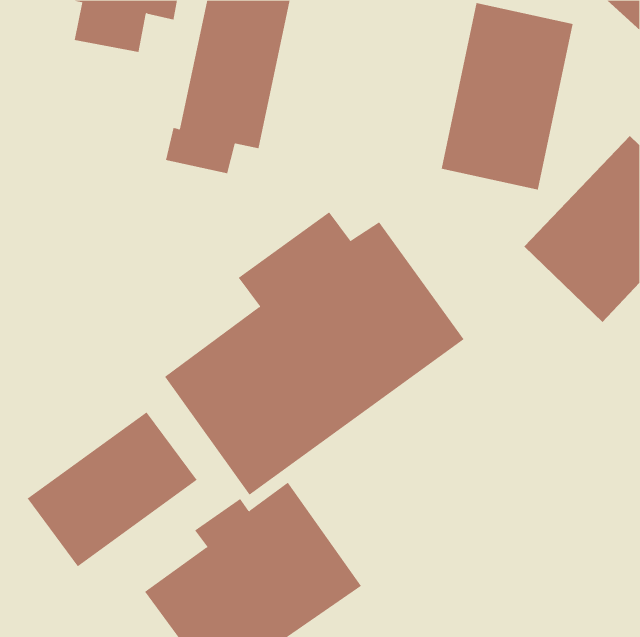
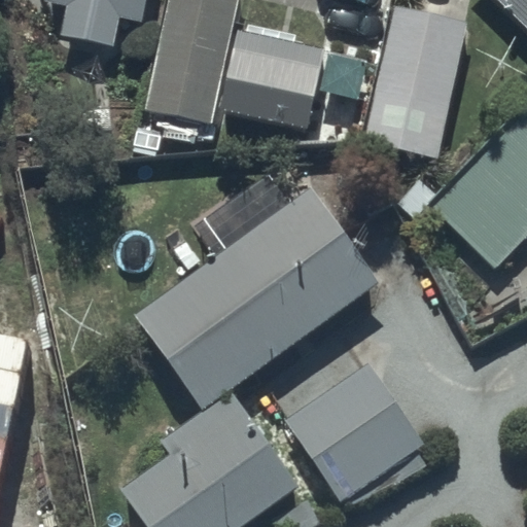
building: none -> [221,29,325,127]
building: [27,411,197,567] -> none
building: none -> [284,360,424,507]

